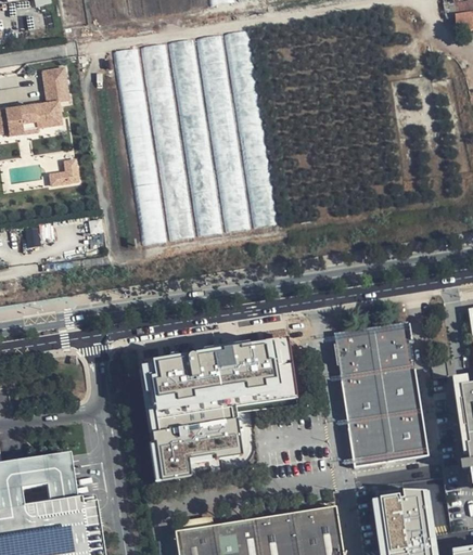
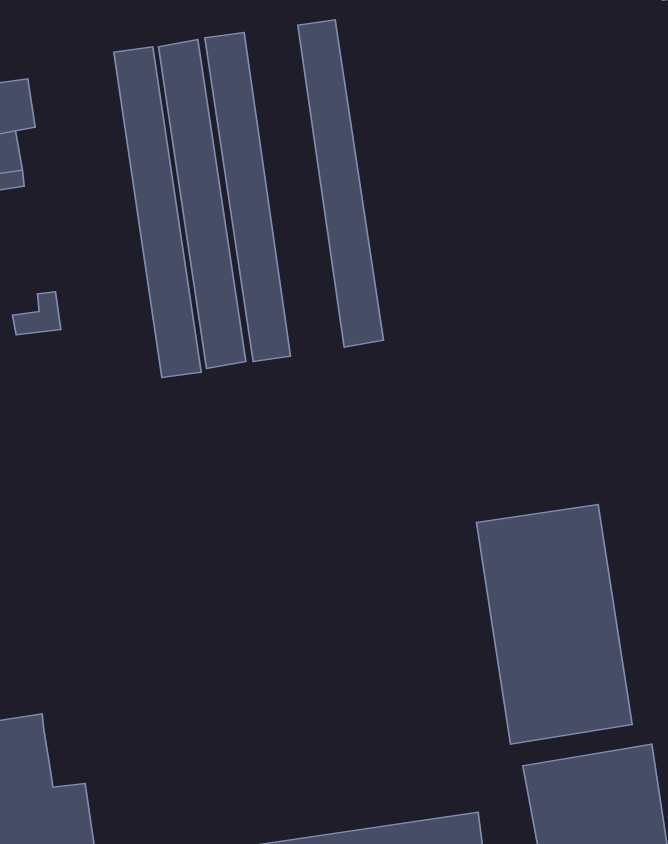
building: [197,34,250,233] -> none
building: [50,159,79,185] -> [12,292,61,335]
building: [139,341,296,481] -> none

